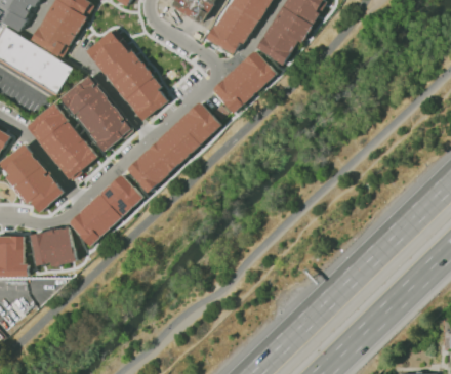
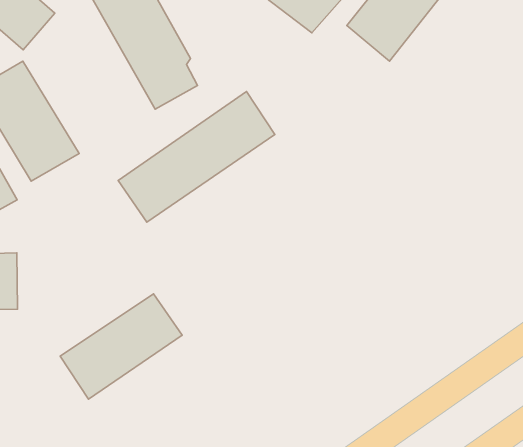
building: [213,49,278,114] -> none
building: [63,74,132,152] -> none
building: [69,173,145,247] -> [60,294,182,399]

